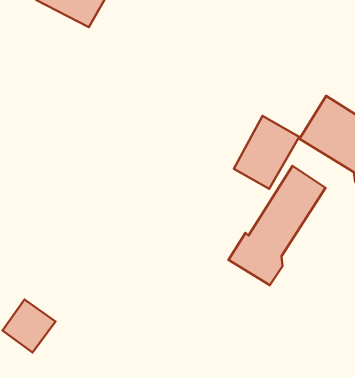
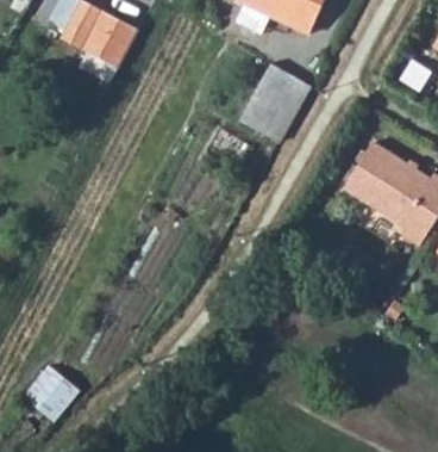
building: [234,116,299,189] -> [239,63,309,142]
building: [228,166,326,285] -> none

